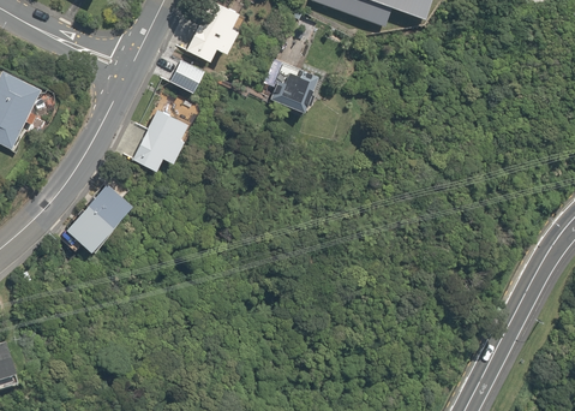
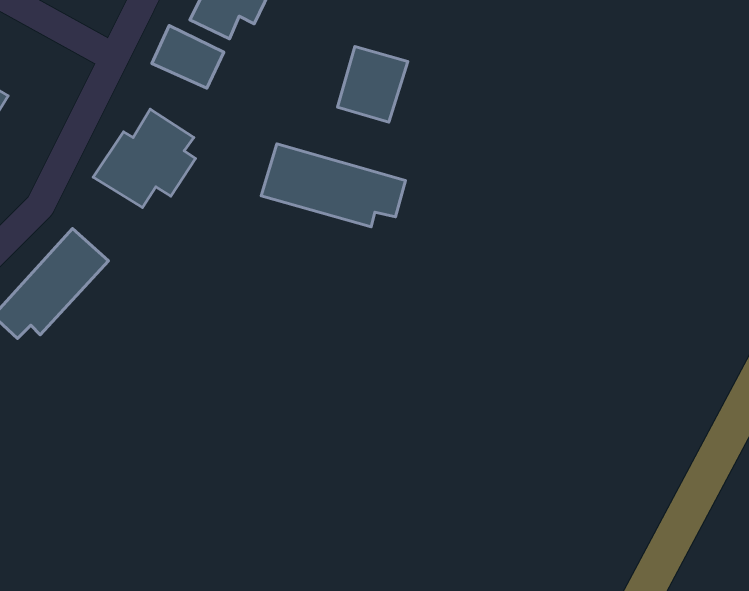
building: none -> [261,144,406,227]

